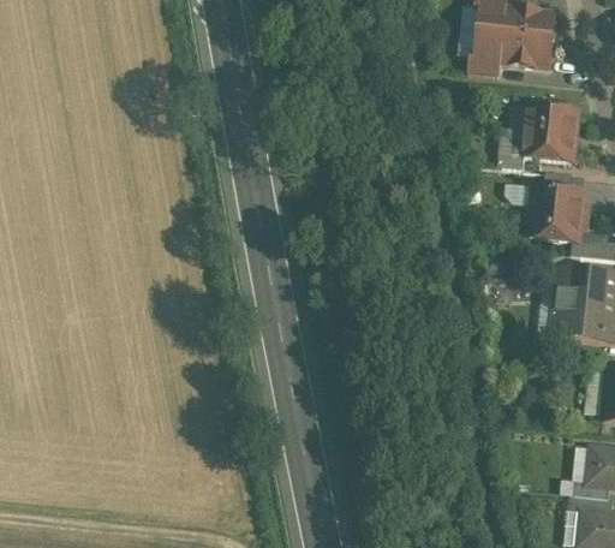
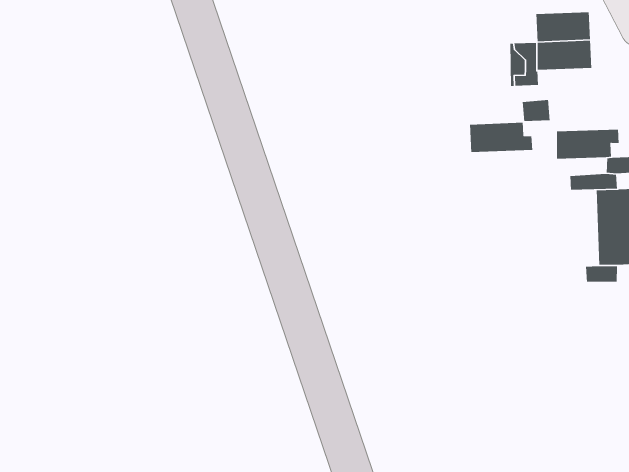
building: [533,185,590,216] -> [469,122,533,153]

